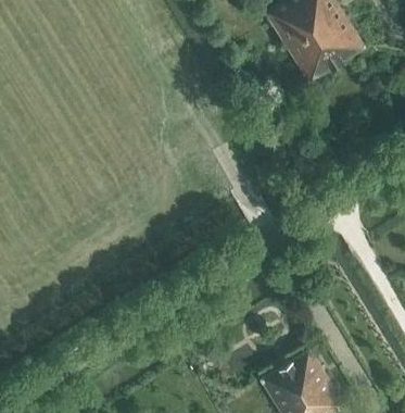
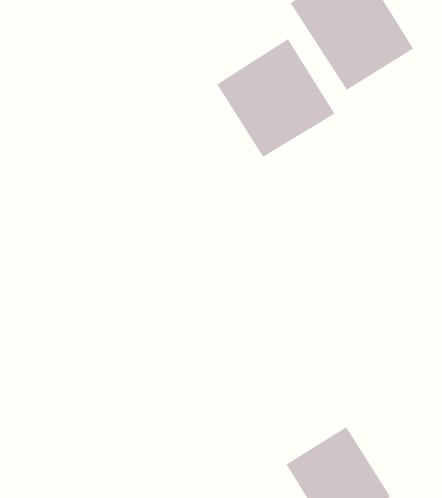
building: none -> [216,38,336,158]

